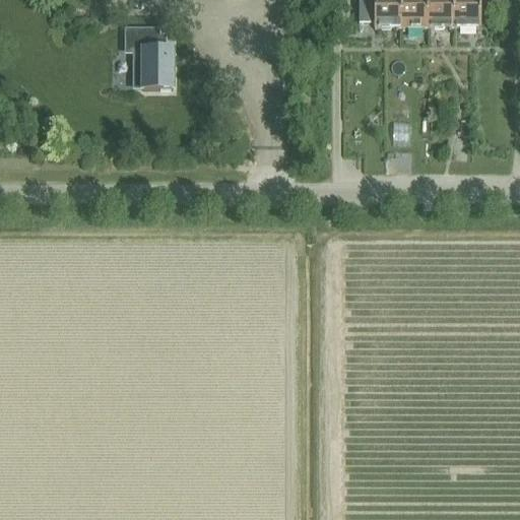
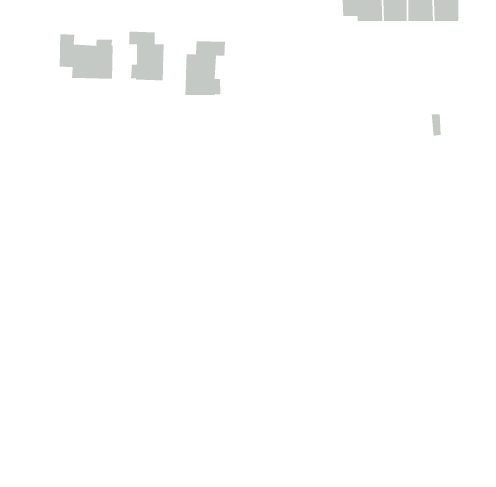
building: none -> [59,33,113,80]
building: none -> [185,41,226,96]

